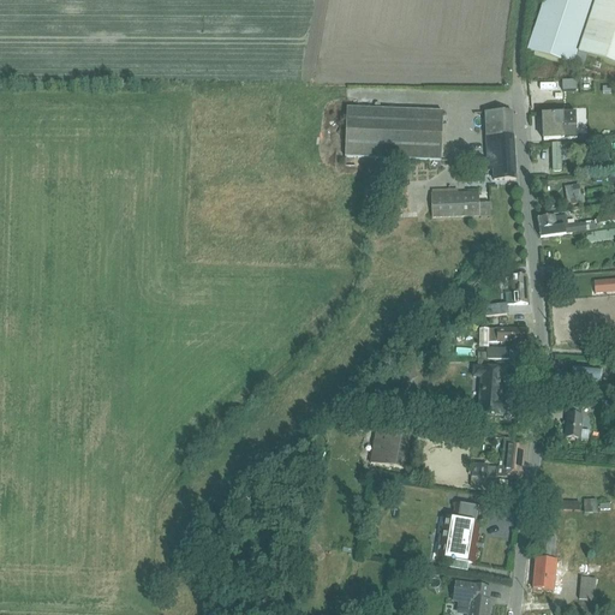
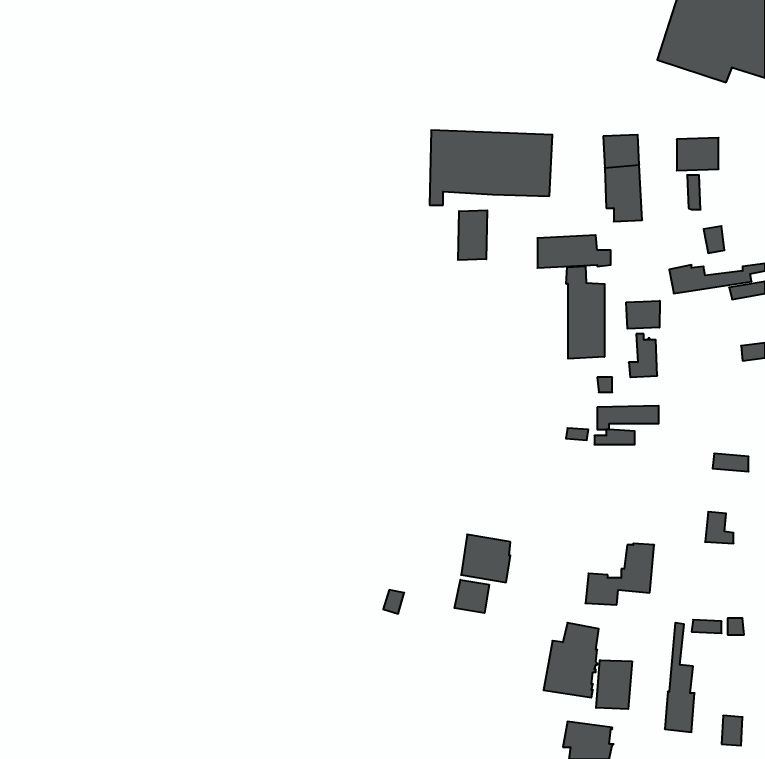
building: none -> [458,210,487,260]
building: none -> [566,266,605,359]
building: none -> [626,301,660,329]
building: [472,364,508,413] -> none
building: none -> [454,580,489,613]
building: none -> [596,660,632,709]

